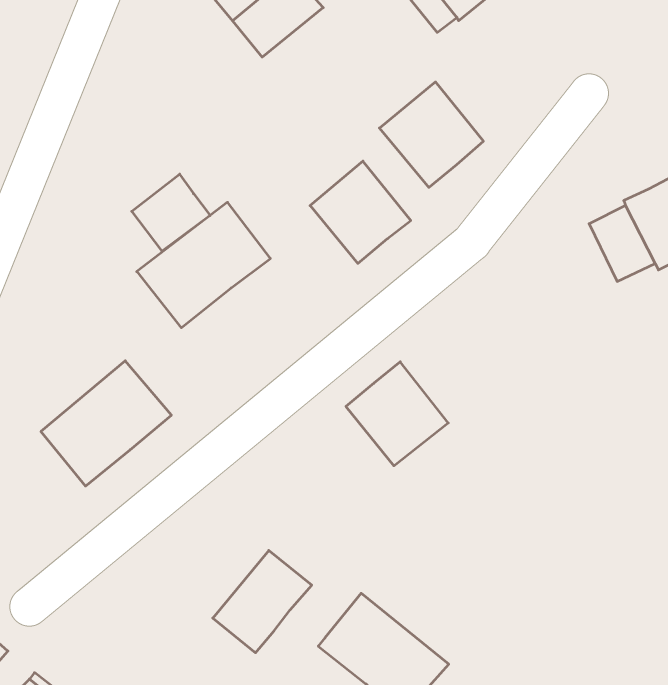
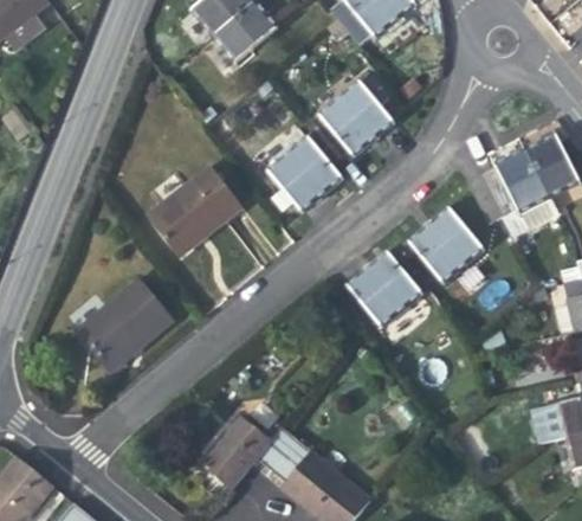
building: [132,174,210,251] -> none
building: none -> [410,207,485,283]
building: [346,362,448,466] -> [349,250,422,324]
building: none -> [256,425,306,477]

